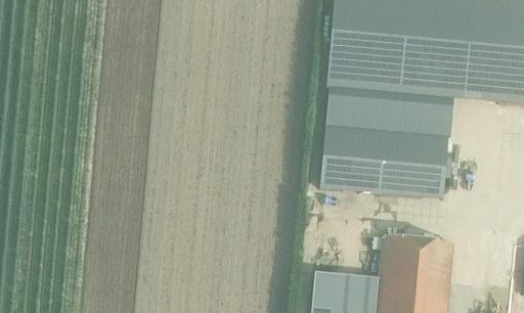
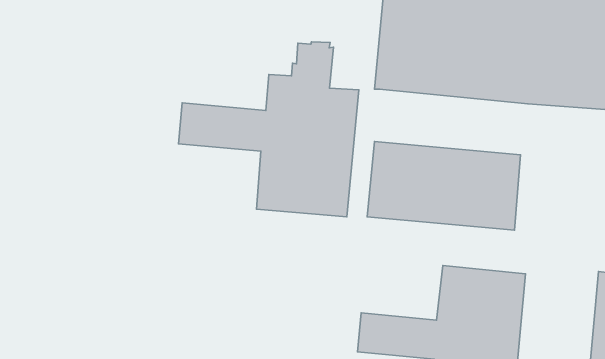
building: none -> [178,42,359,217]
building: [326,84,455,139] -> none

